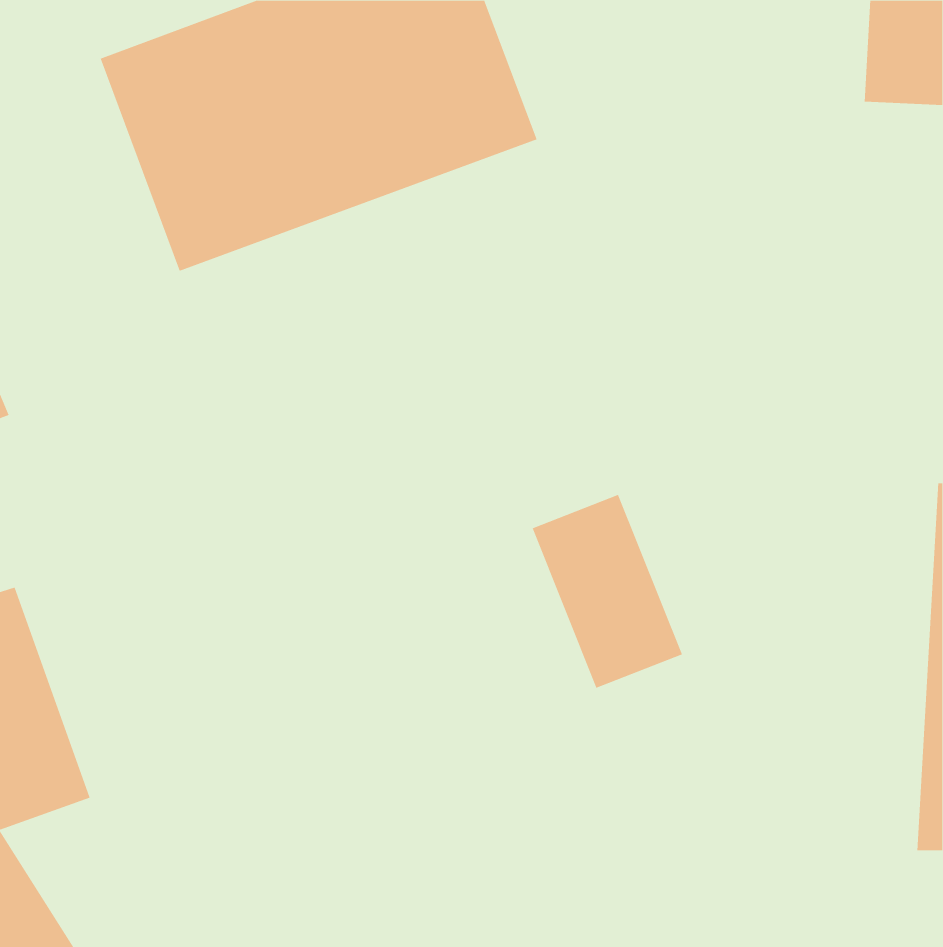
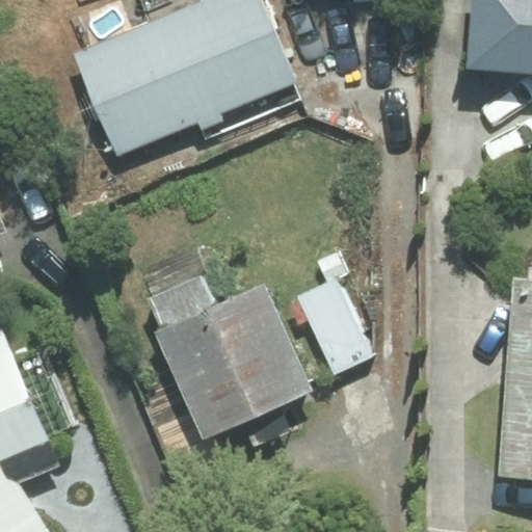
building: none -> [147,271,317,437]

